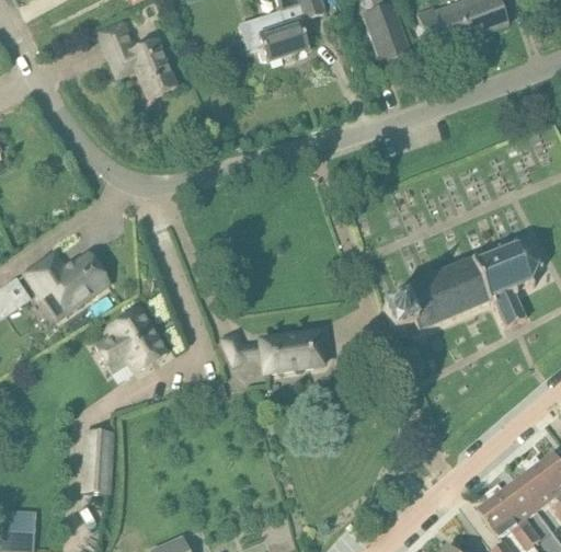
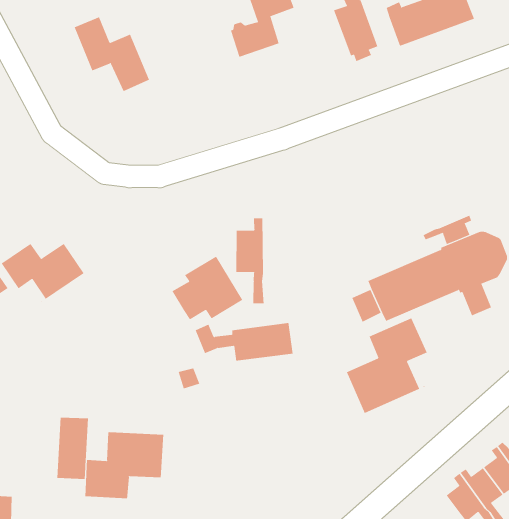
building: none -> [423,215,472,245]
building: none -> [236,217,264,304]
building: [94,307,168,372] -> [171,256,243,320]
building: none -> [346,317,427,414]
building: none -> [85,431,164,499]

